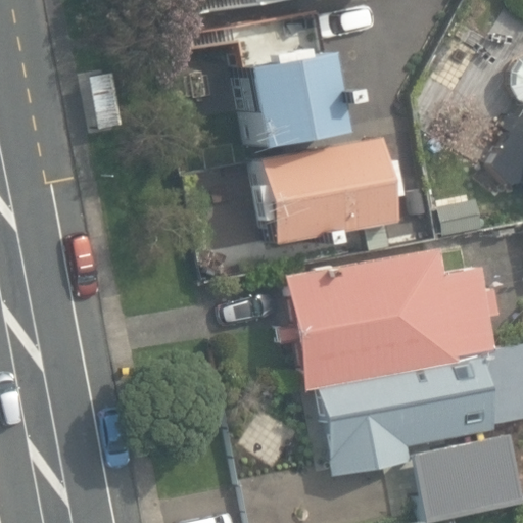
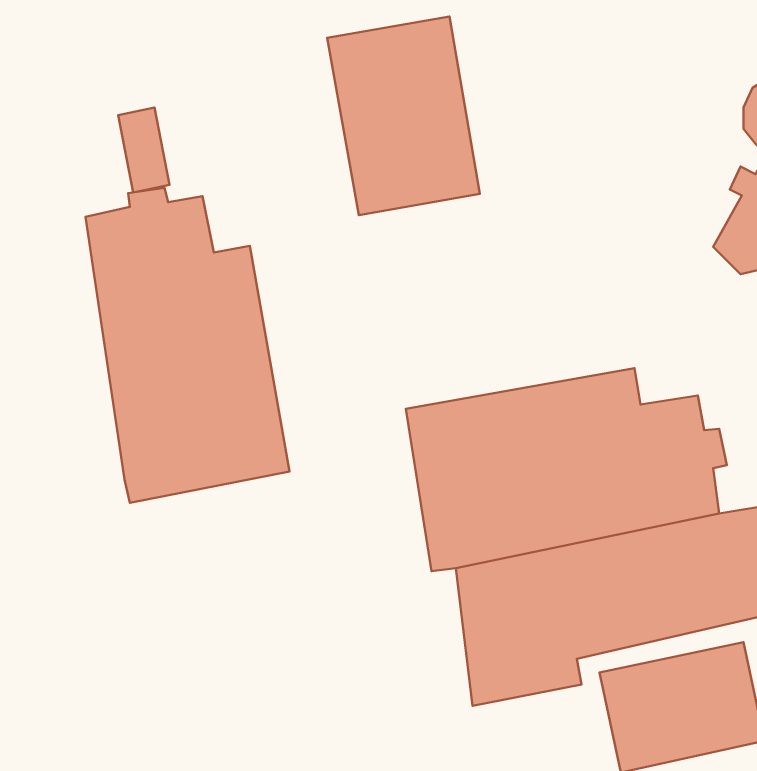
building: none -> [85,188,290,503]
building: [252,138,396,244] -> none

